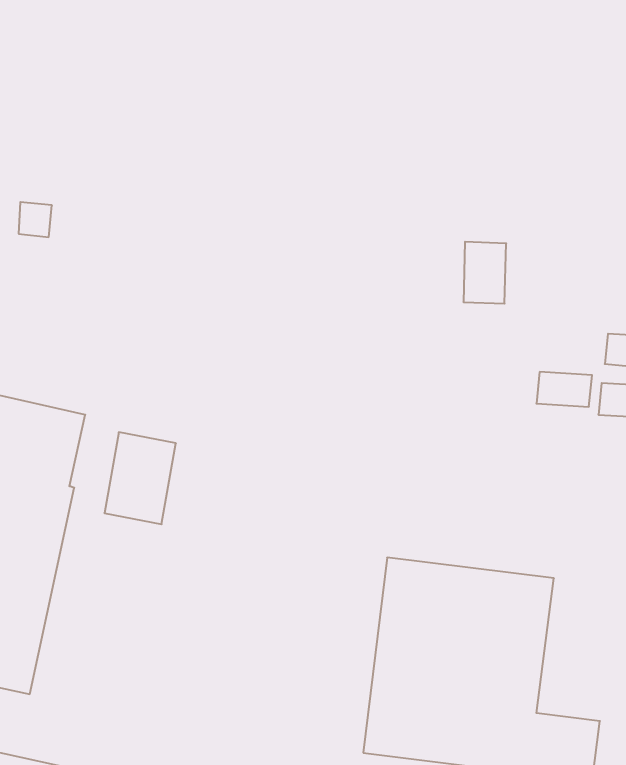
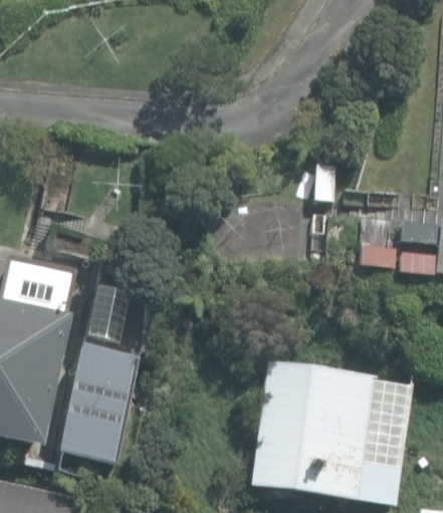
building: none -> [58,343,141,462]

